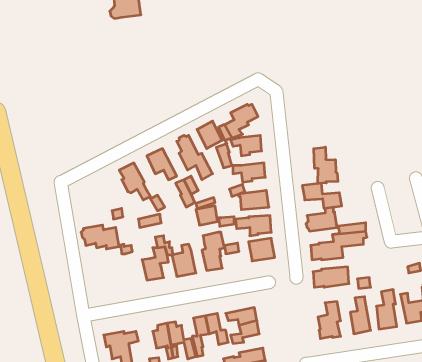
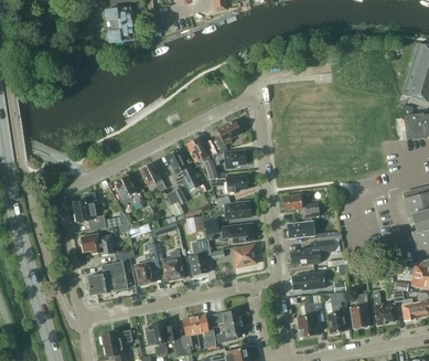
building: [314,147,338,184] -> none
building: none -> [73,192,105,230]
building: none -> [87,261,128,296]

